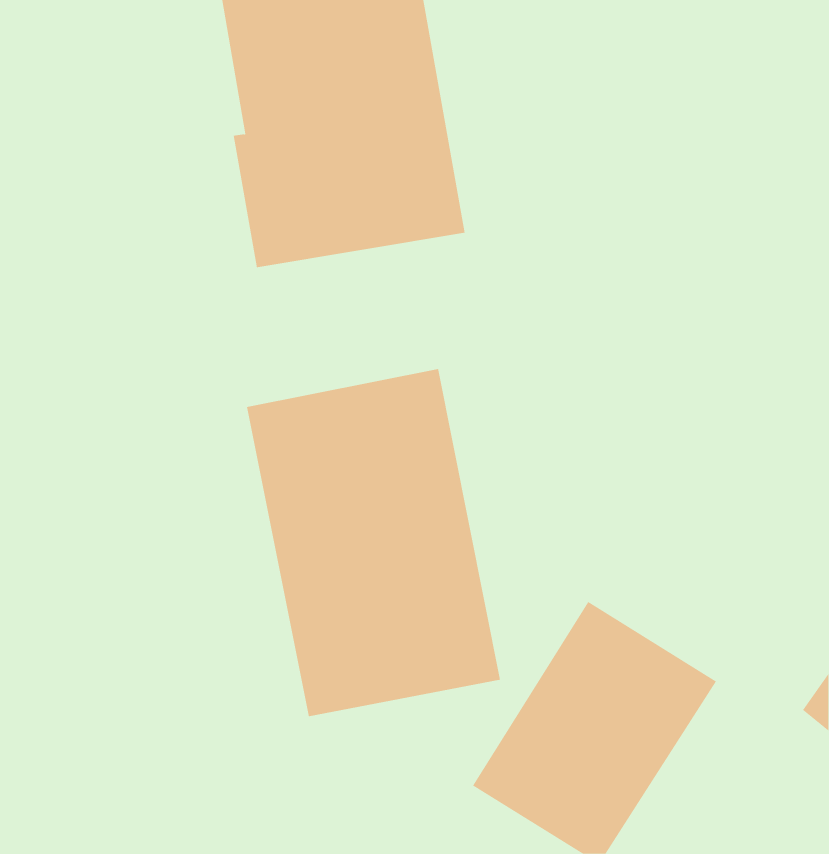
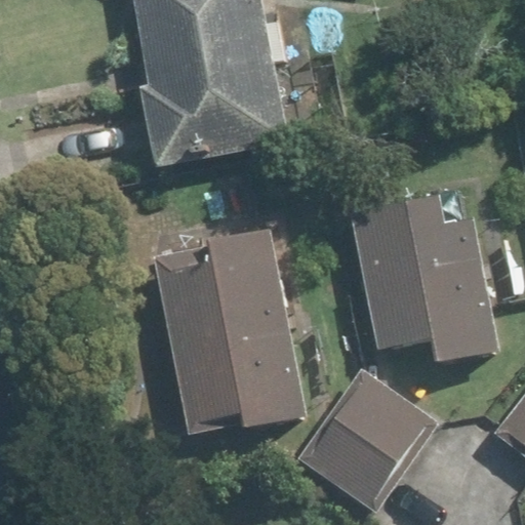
building: none -> [349,189,502,365]

